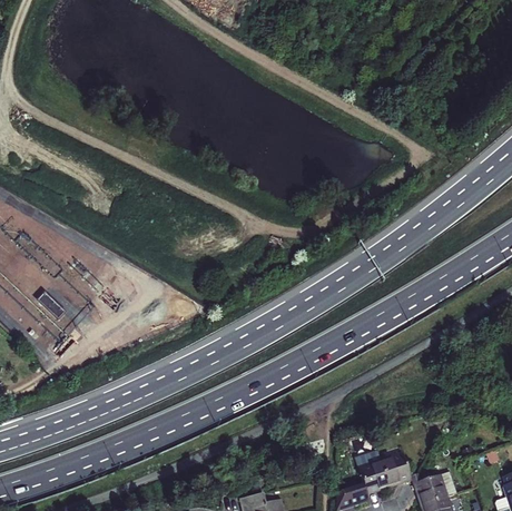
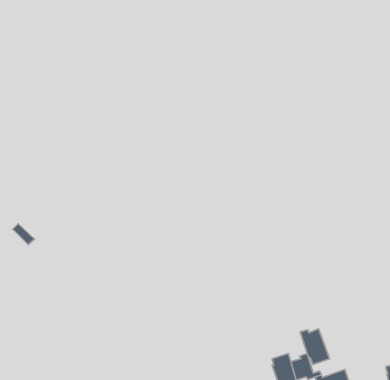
building: none -> [300,329,329,364]

